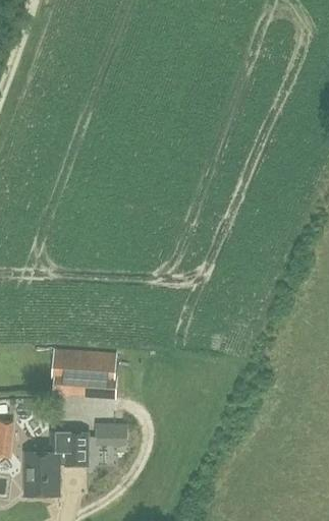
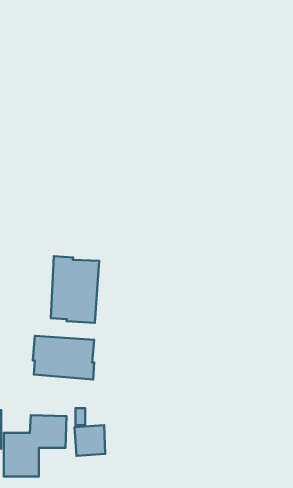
building: none -> [51,256,99,323]

